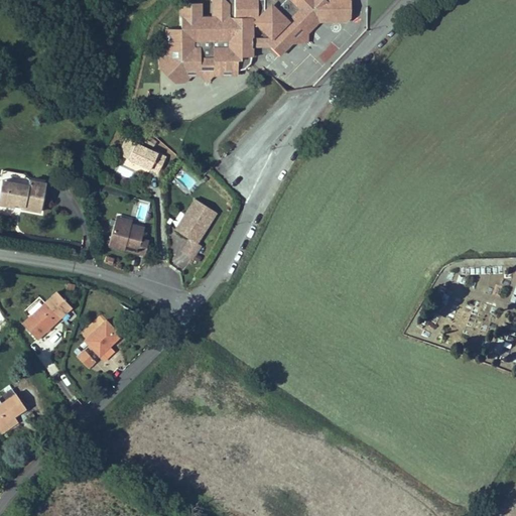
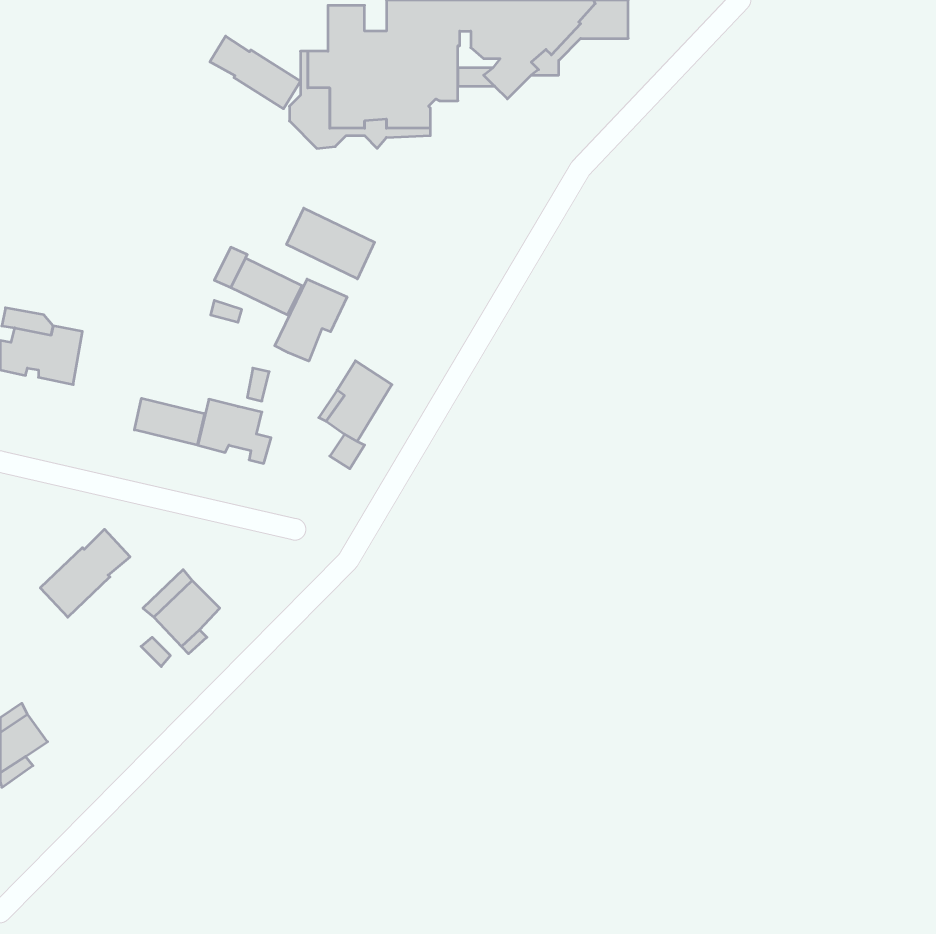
building: none -> [210,36,300,109]
building: none -> [287,208,375,279]
building: none -> [275,279,347,361]
building: none -> [134,398,204,445]

